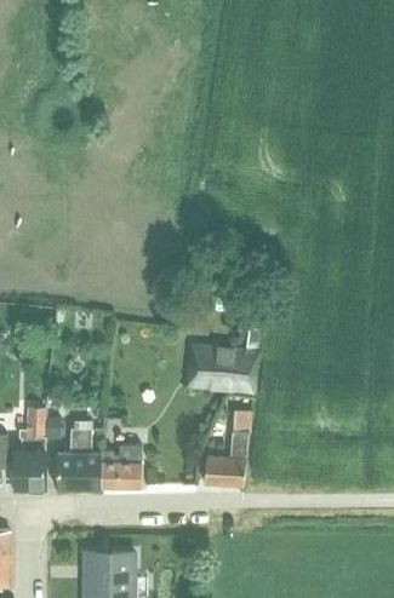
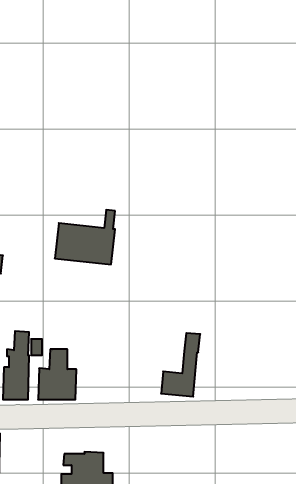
building: [185,329,258,395] -> [55,210,115,264]
building: [101,447,141,490] -> none

